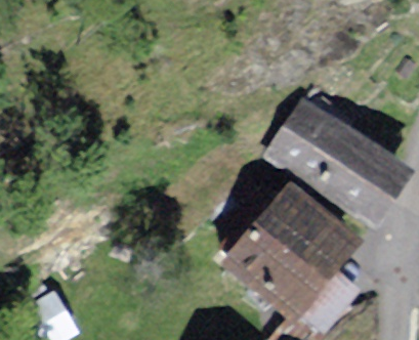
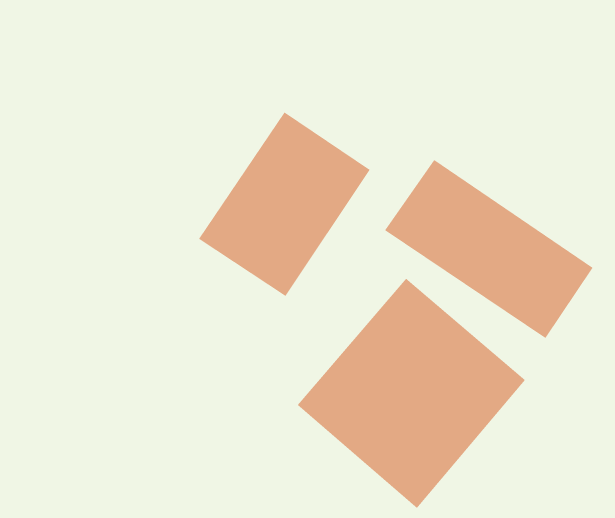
building: none -> [198,111,370,297]

